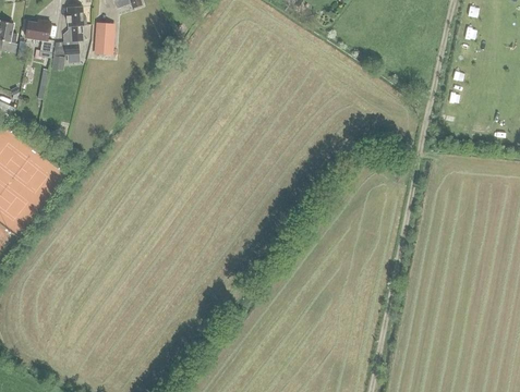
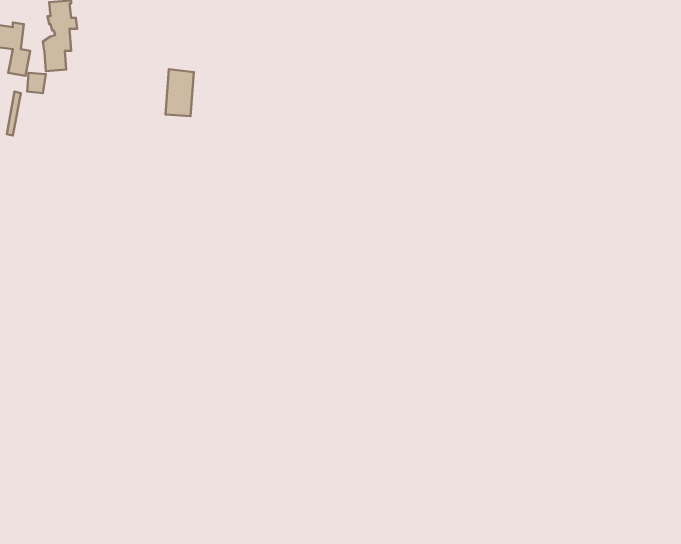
building: [95,22,114,54] -> [166,69,194,116]

